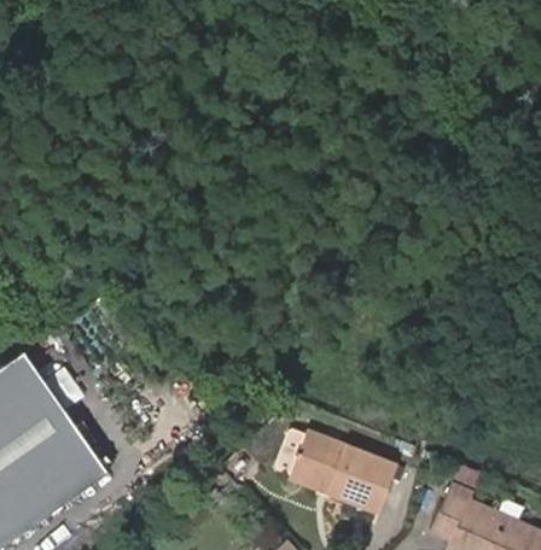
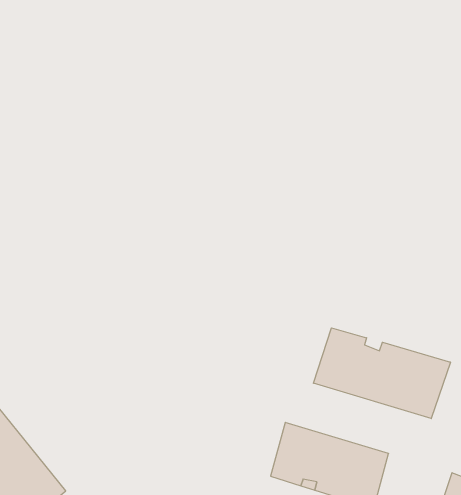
building: none -> [313,328,450,419]

